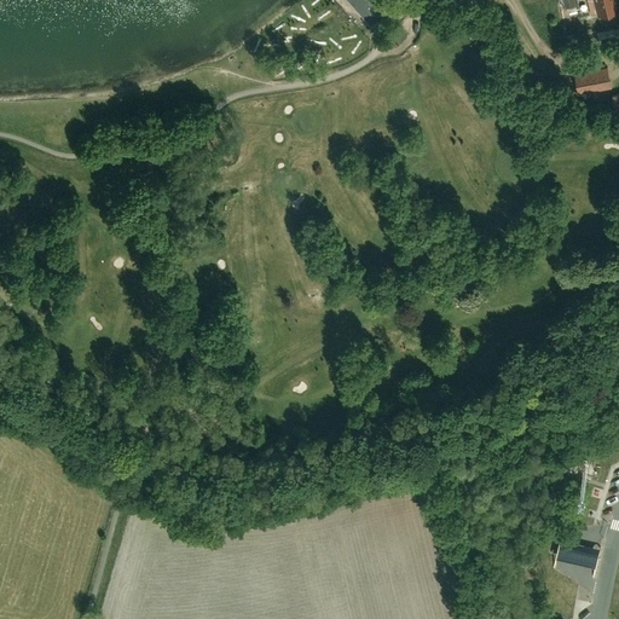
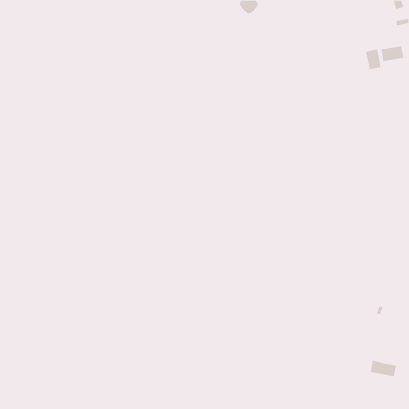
building: none -> [365,48,381,70]

